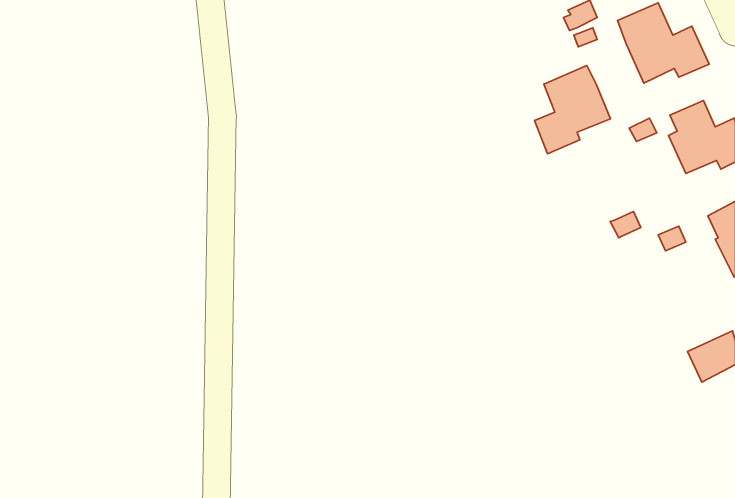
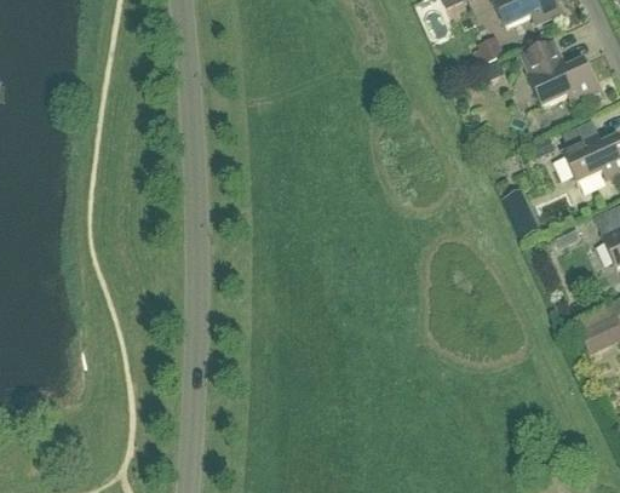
building: [535,66,610,154] -> none

